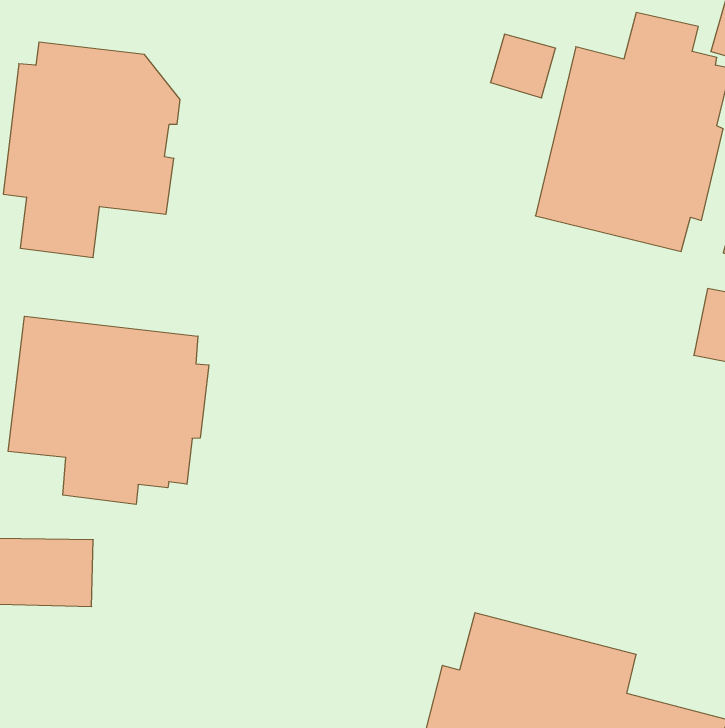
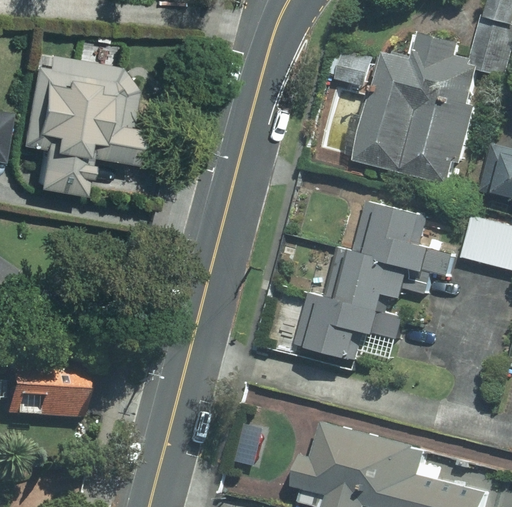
building: none -> [293,203,454,364]
building: [8,316,209,504] -> none

